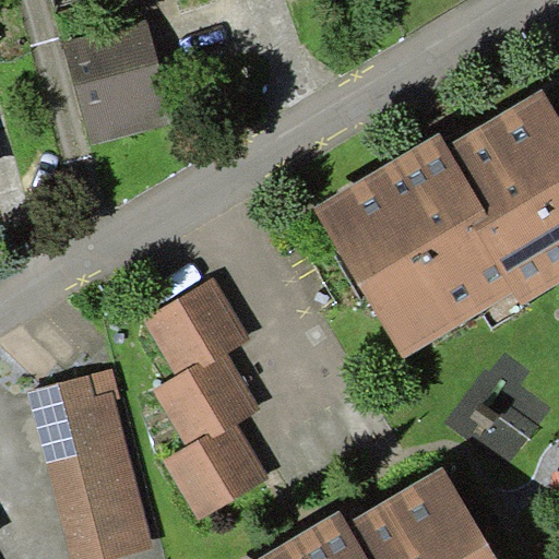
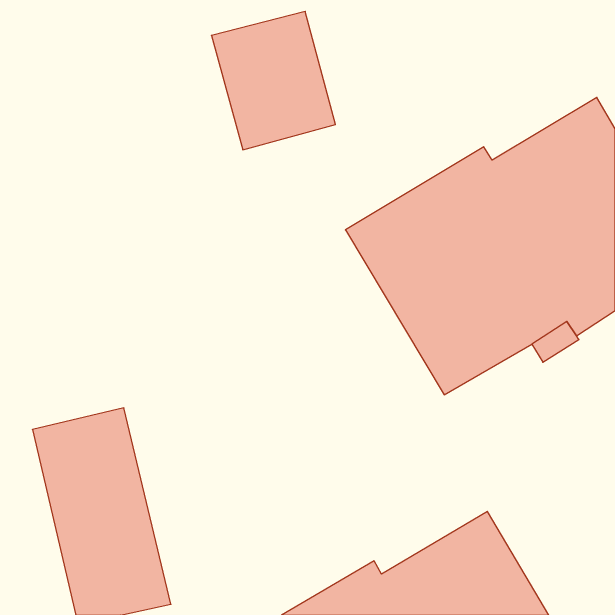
building: [61,19,174,144] -> [211,11,335,150]
building: [143,277,270,519] -> none

